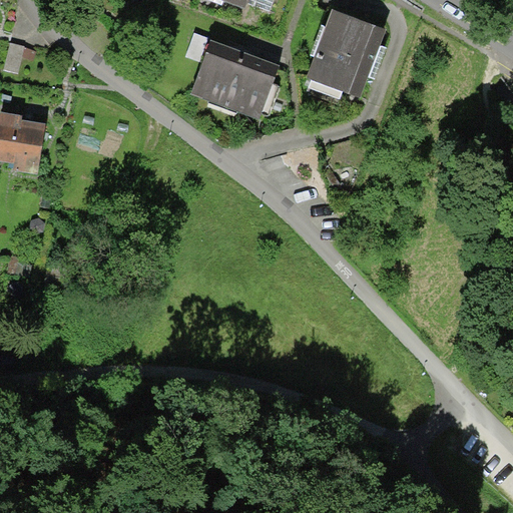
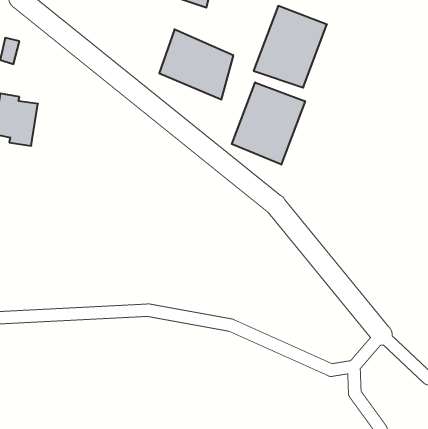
building: none -> [232,82,305,165]

